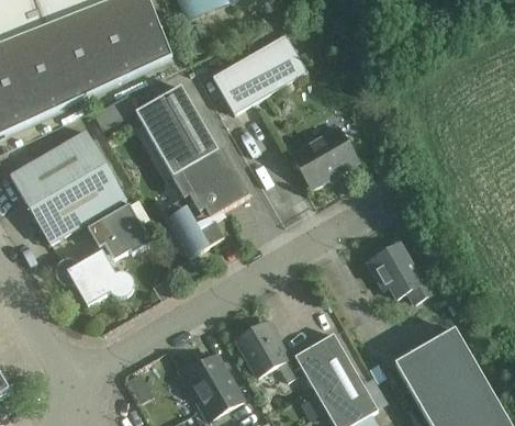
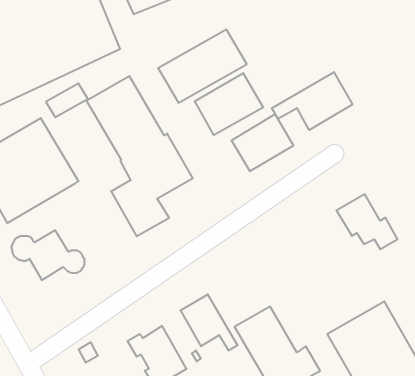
building: none -> [272,72,352,130]
building: none -> [195,73,263,135]
building: [88,200,150,259] -> none
building: [368,243,434,302] -> [336,194,398,249]

